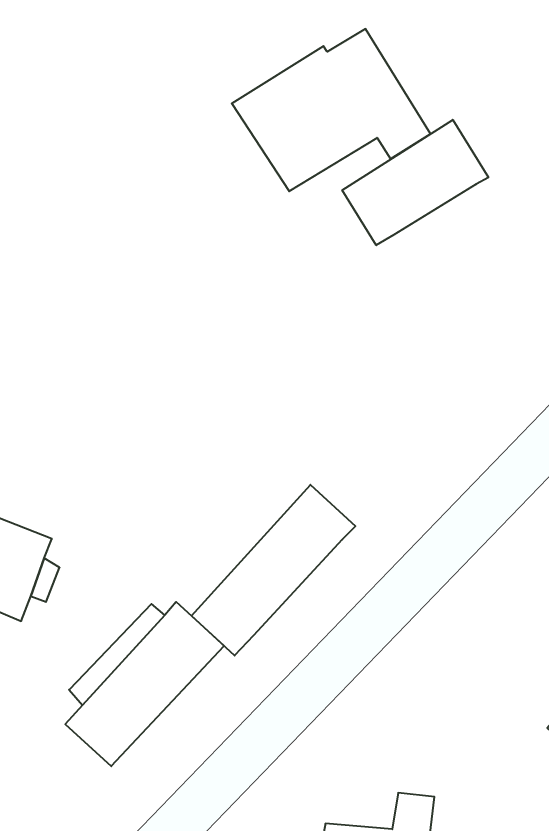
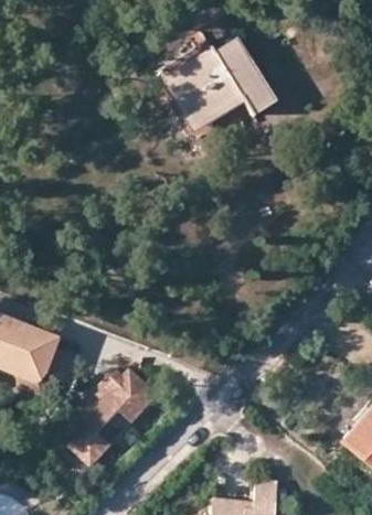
building: [342,120,488,245] -> none
building: [192,485,355,656] -> none

